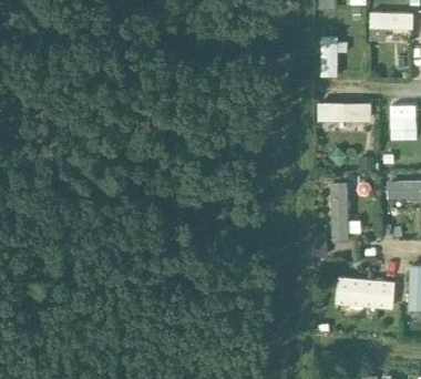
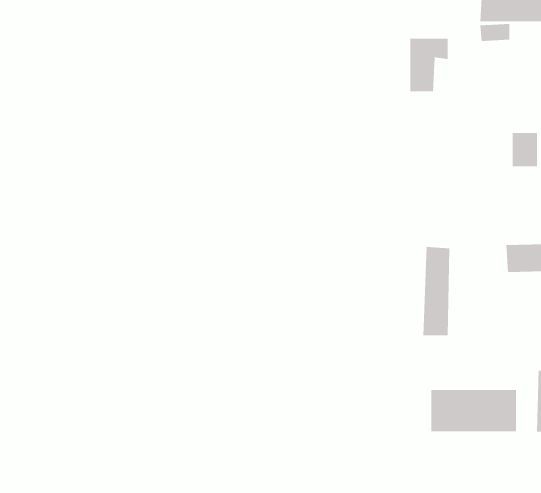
building: [318,102,371,122] -> none

